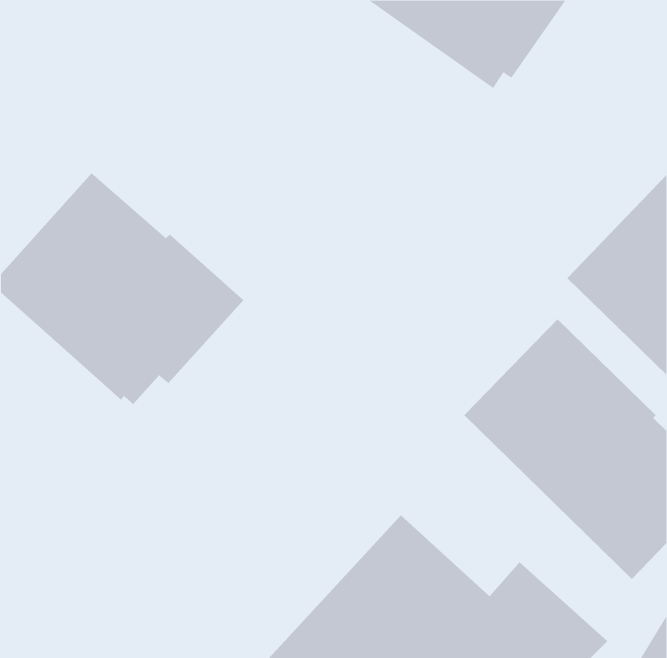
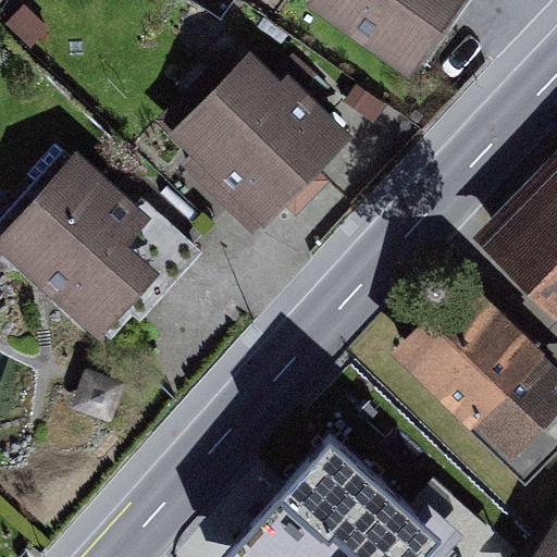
building: none -> [168,52,354,239]

